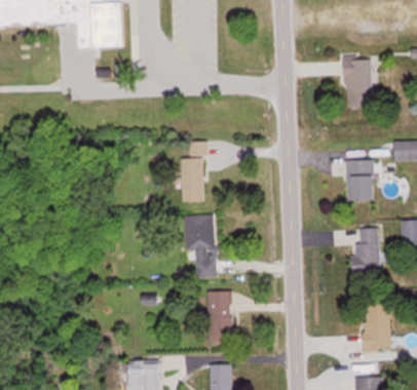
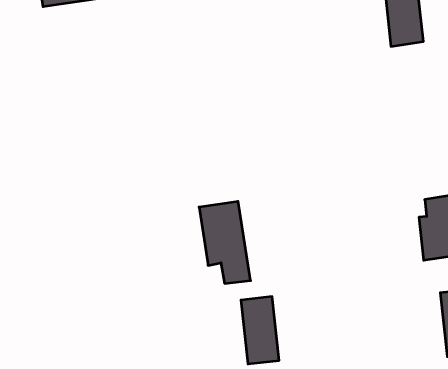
building: [181,144,203,202] -> none
building: [345,159,374,200] -> none

